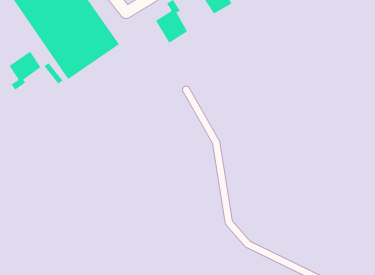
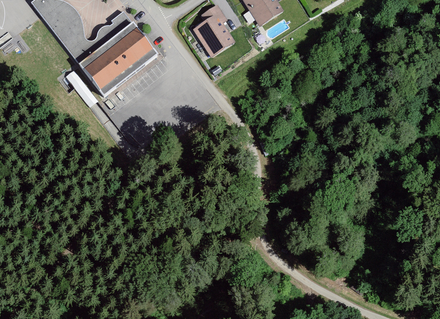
building: [9,51,41,90] -> none

